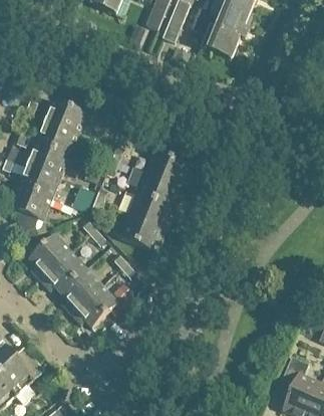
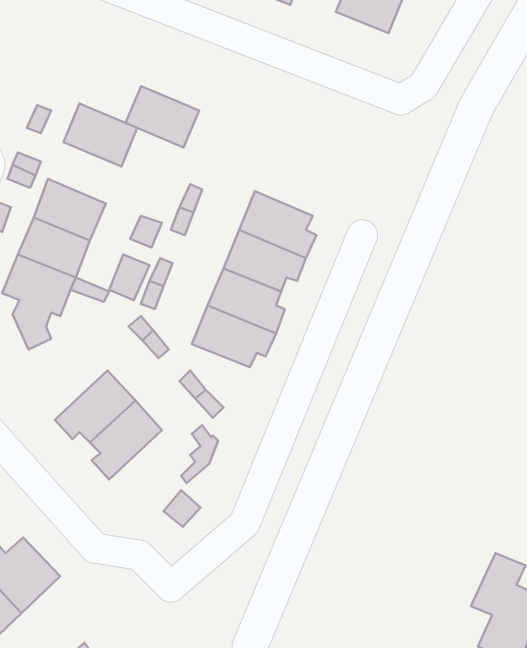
building: [36,121,78,156] -> [125,86,199,148]
building: [28,233,70,279] -> none
building: [71,285,117,327] -> none

